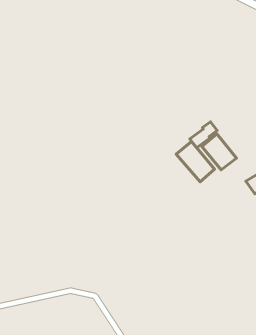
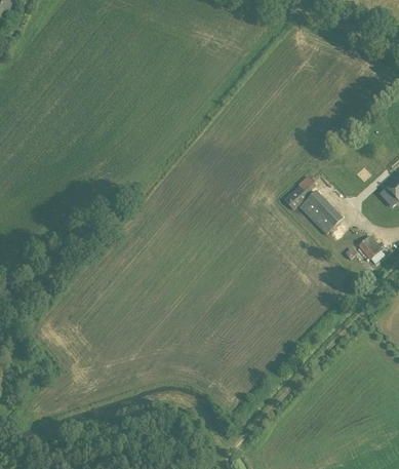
building: [176,142,214,182] -> none

